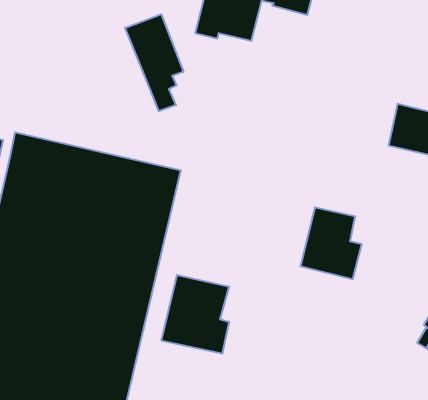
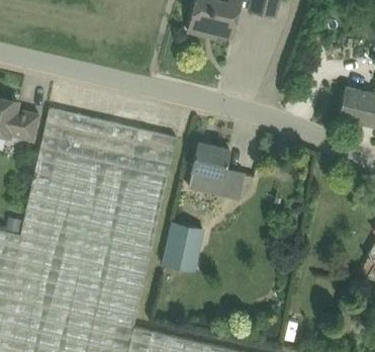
building: [125,14,183,111] -> none
building: [300,207,362,279] -> [187,143,235,198]

